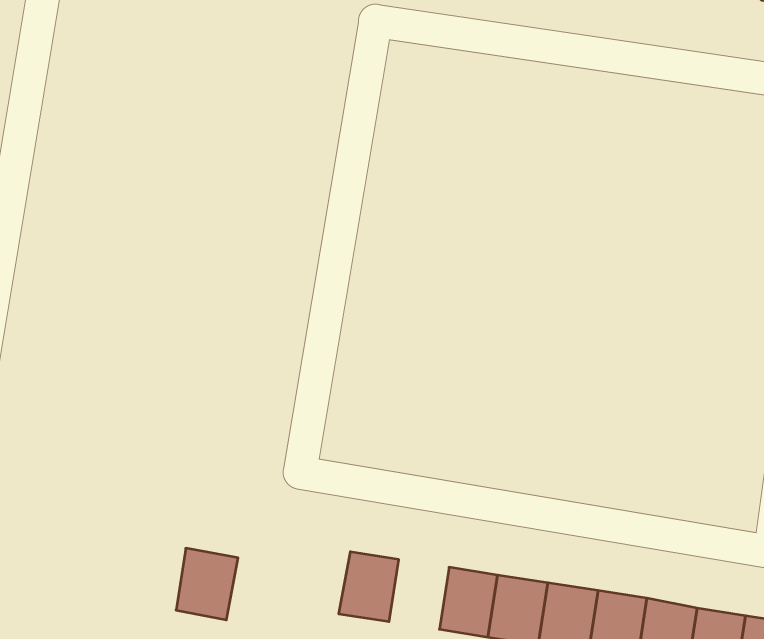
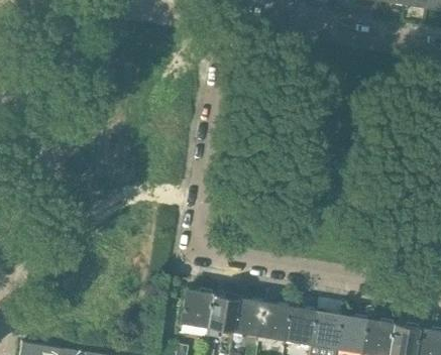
building: [176,548,238,620] -> [186,290,218,328]
building: none -> [238,300,269,336]

